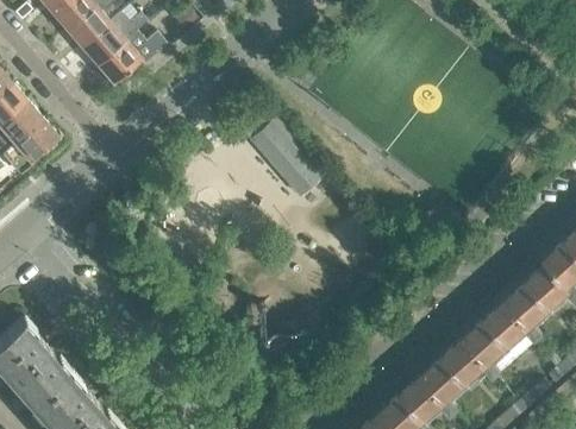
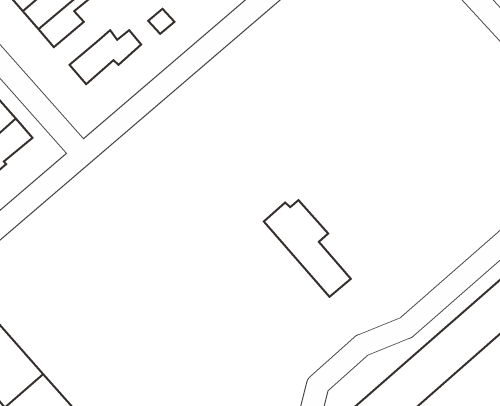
building: [81,17,148,67] -> none
building: [234,102,321,198] -> [264,200,351,297]

